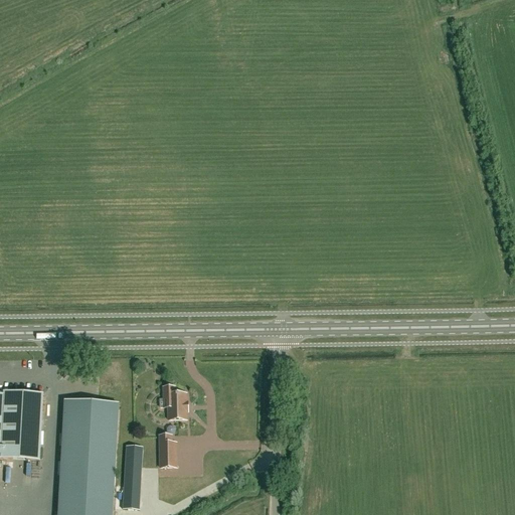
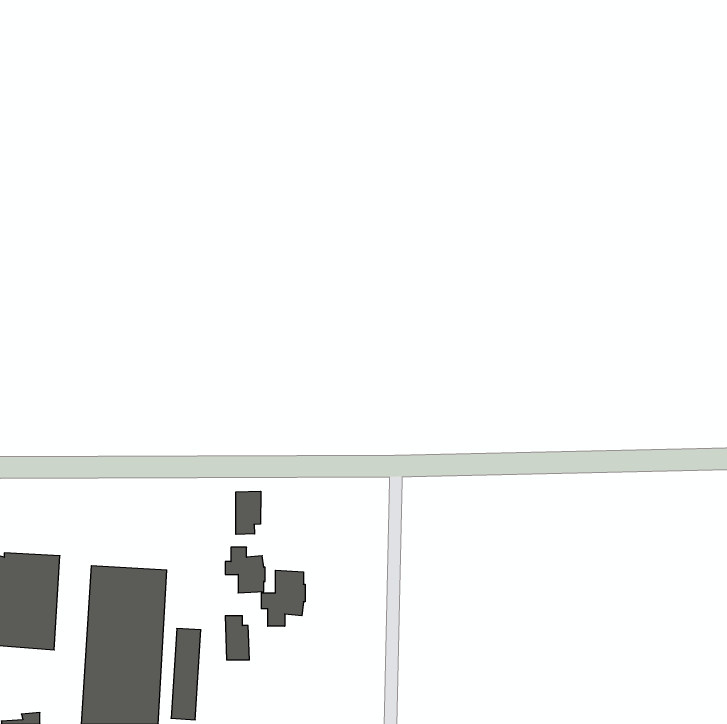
building: none -> [236,491,261,534]
building: none -> [261,570,305,626]

